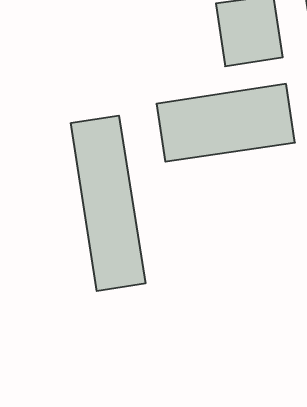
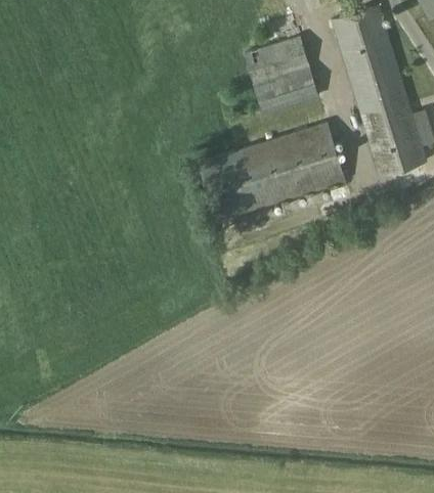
building: [71,116,145,291] -> none

